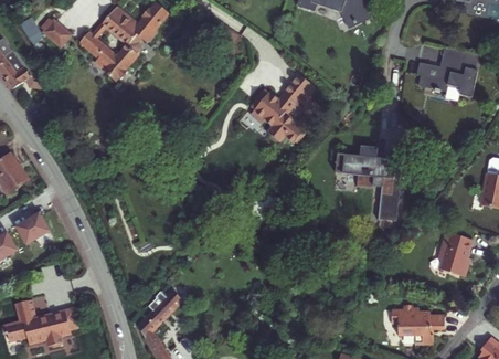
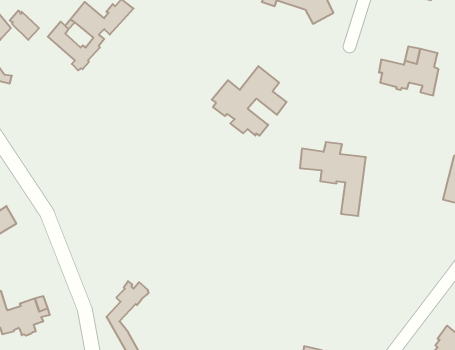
building: [436,233,471,277] -> none
building: [391,304,444,345] -> none

